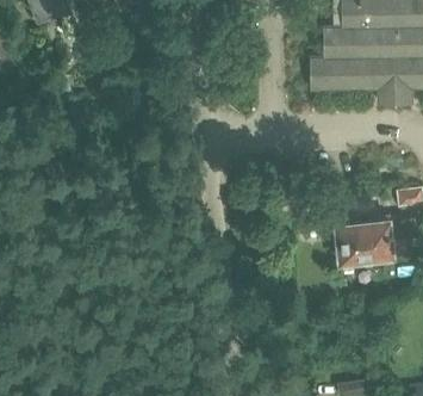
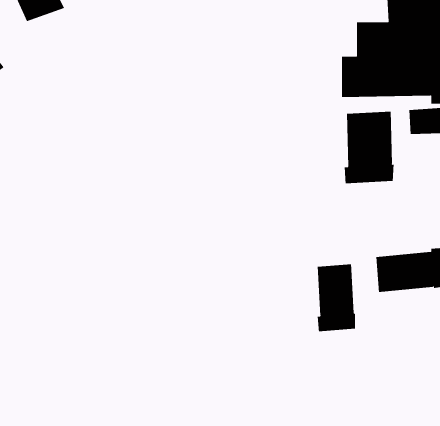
building: none -> [344,111,394,184]
building: none -> [317,264,356,332]

